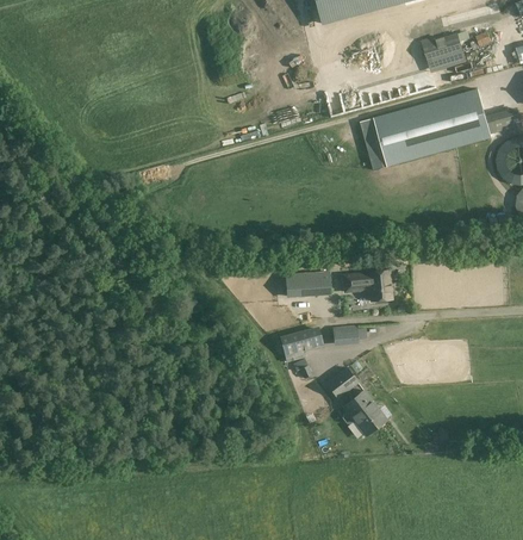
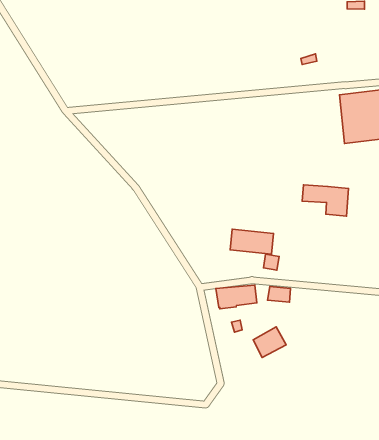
building: [341,271,390,300] -> [302,185,348,216]
building: [340,390,384,435] -> none

